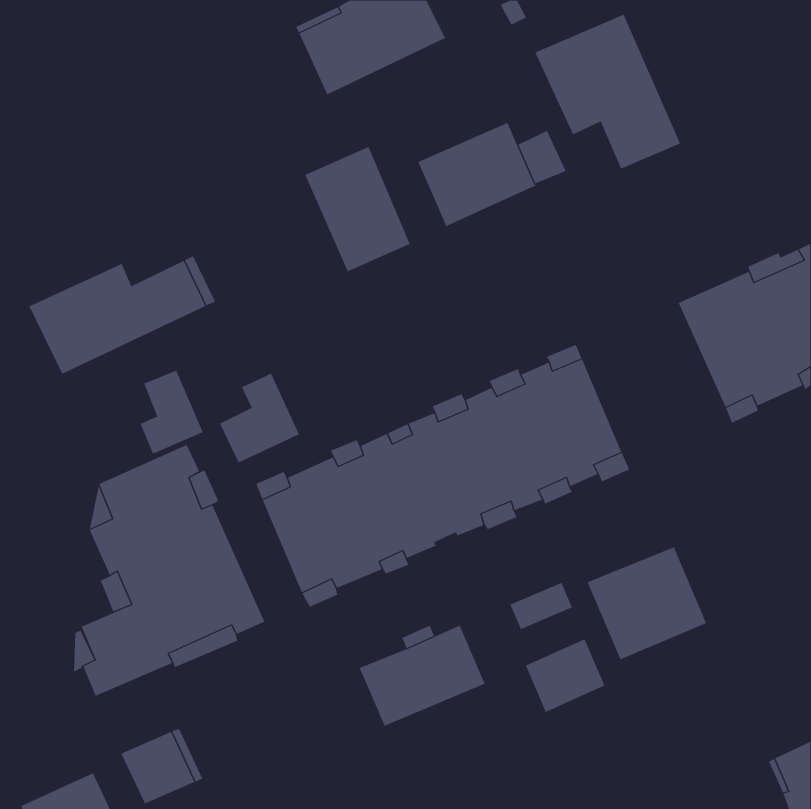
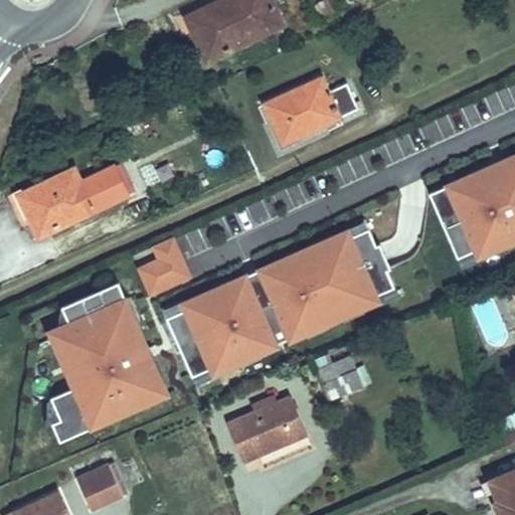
building: [535,14,681,170] -> none
building: [304,146,411,272] -> none
building: [140,370,204,454] -> none
building: [587,546,707,660] -> none
building: [525,638,605,713] -> none

